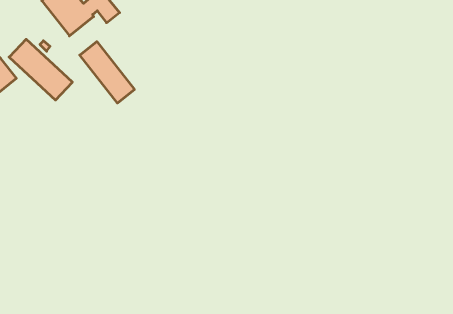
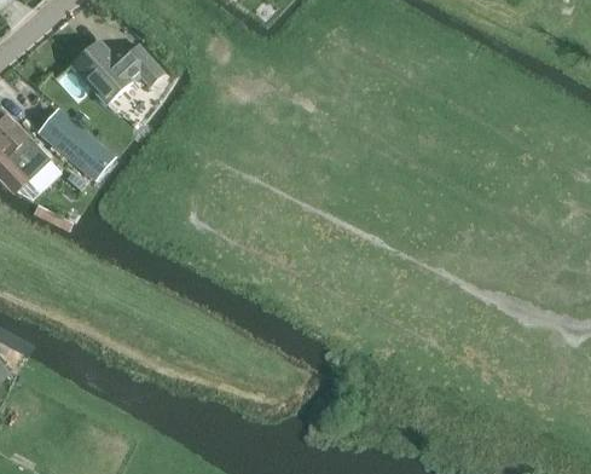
building: [80,42,134,103] -> none

